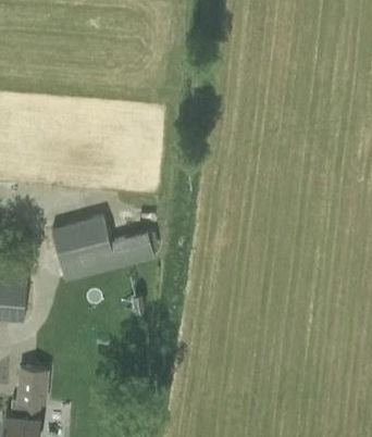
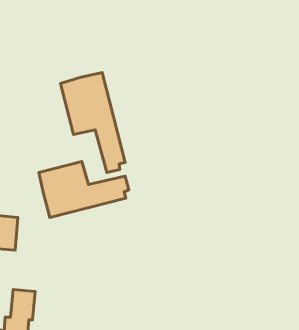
building: none -> [61,72,125,173]

